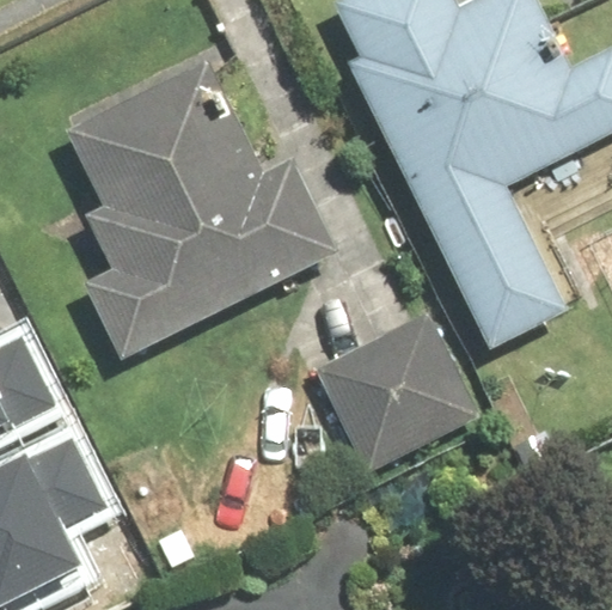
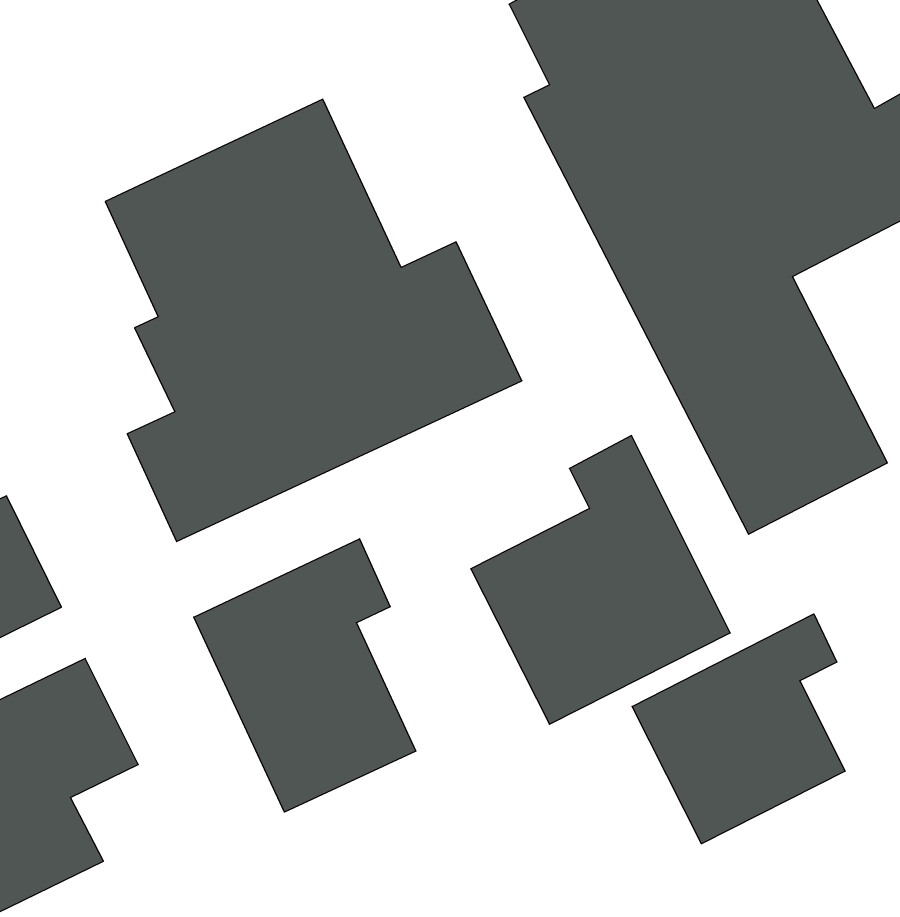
building: none -> [194,539,416,812]
building: none -> [632,614,845,844]

